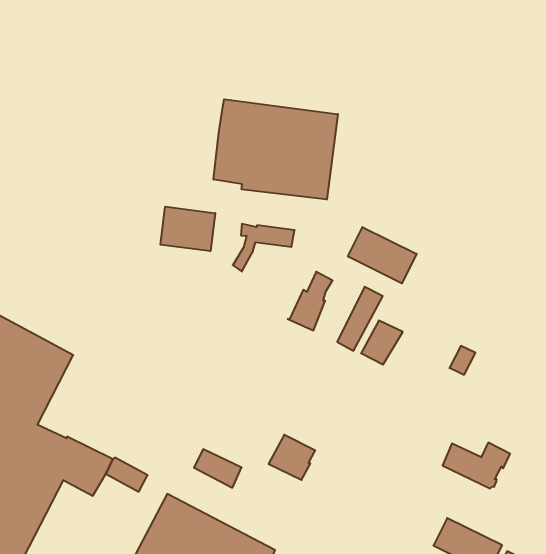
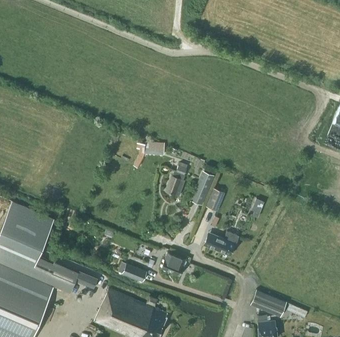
building: [214,99,338,200] -> none
building: [160,207,215,251] -> none
building: [348,227,417,283] -> none
building: [443,443,510,488] -> [204,231,239,255]

